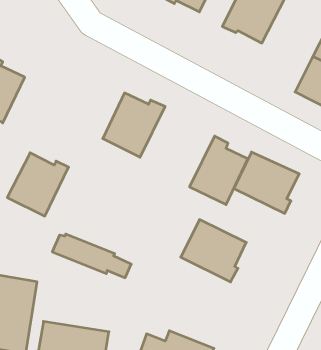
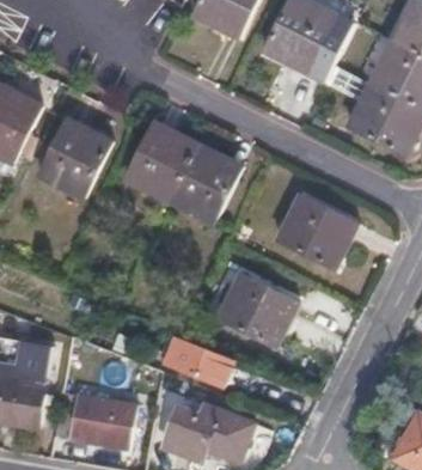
building: [190,136,248,205] -> [170,144,237,222]
building: [7,153,69,216] -> [39,123,110,196]
building: [52,234,131,278] -> [159,338,250,389]

